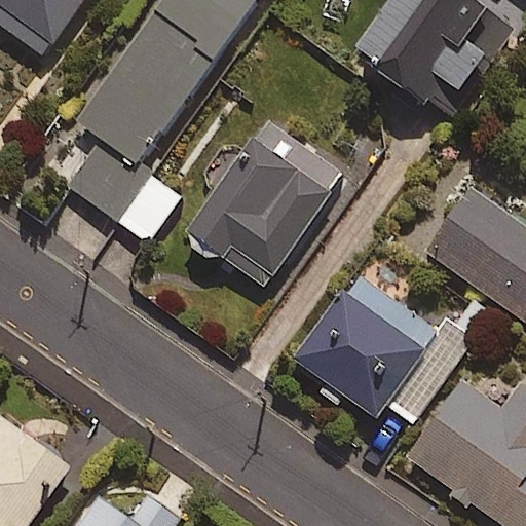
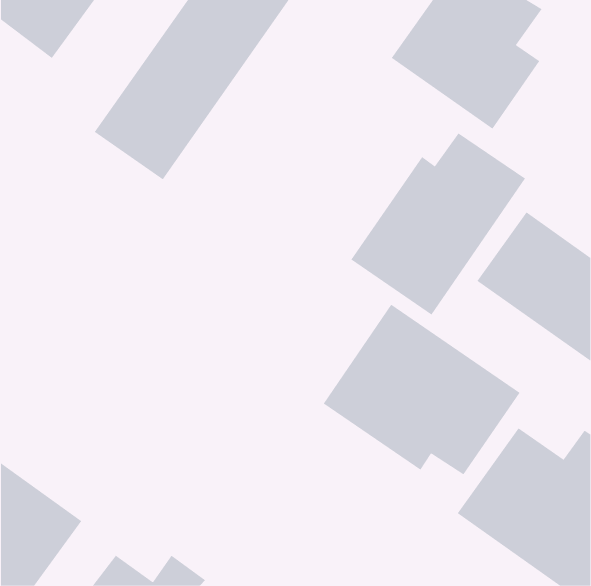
building: none -> [351,132,526,316]
building: [184,120,341,287] -> none
building: [73,138,184,240] -> none

